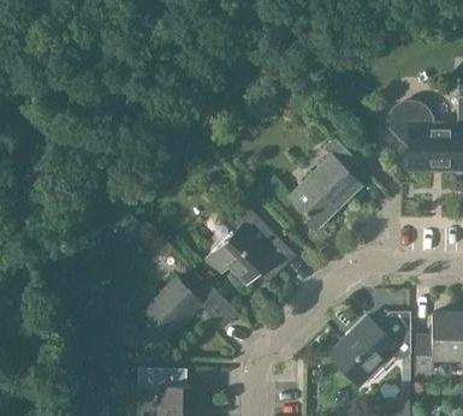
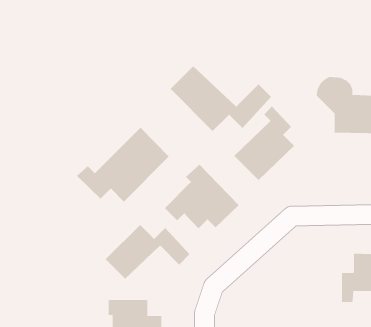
building: none -> [170,65,272,132]
building: none -> [76,127,170,202]
building: [328,314,410,386] -> none

